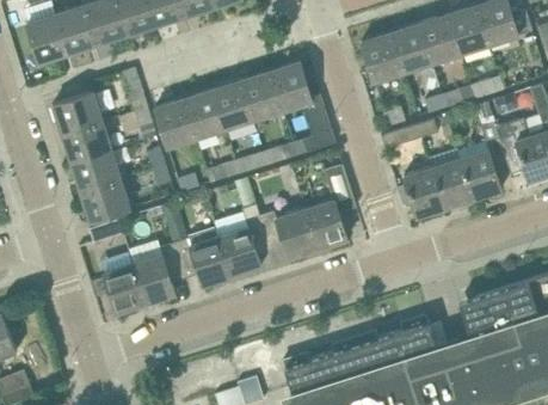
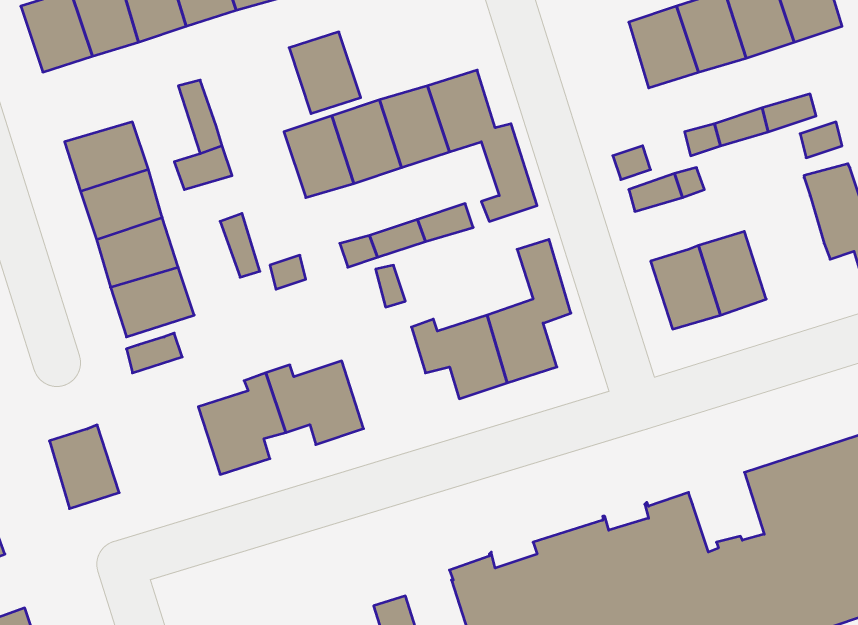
building: [361,33,402,82] -> none
building: [154,99,197,148] -> [289,32,361,114]
building: [460,127,507,200] -> none
building: [218,205,269,277] -> none
building: [104,264,146,314] -> [49,425,119,509]

